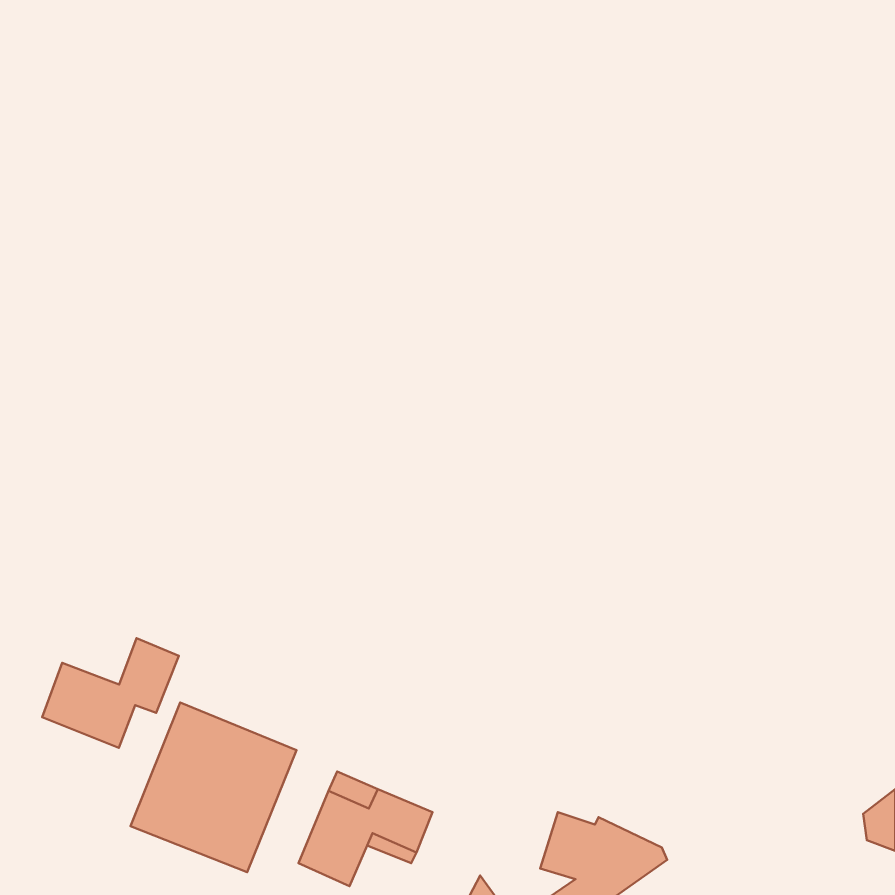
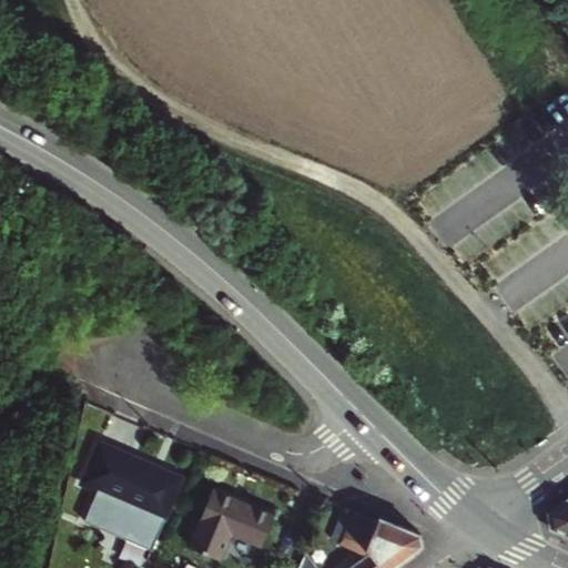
building: [42,638,179,748] -> none

